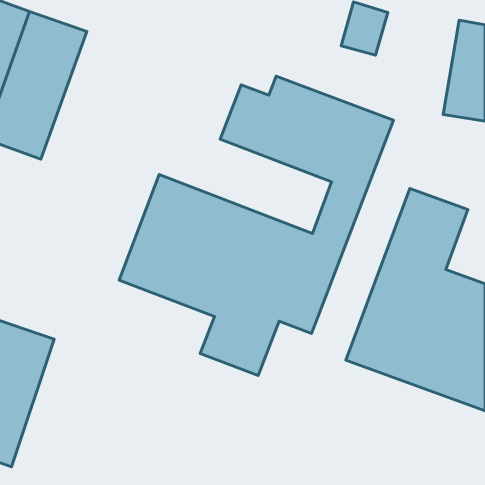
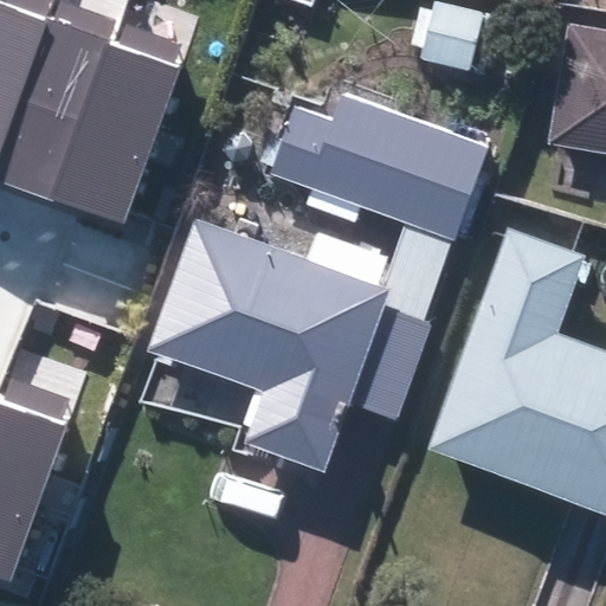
building: none -> [51,38,176,221]

